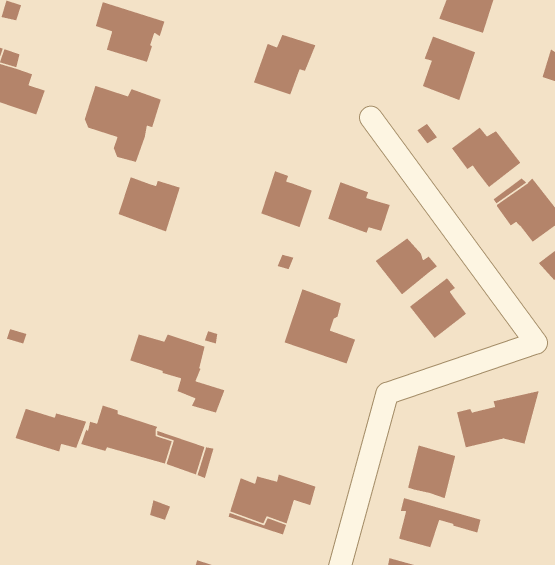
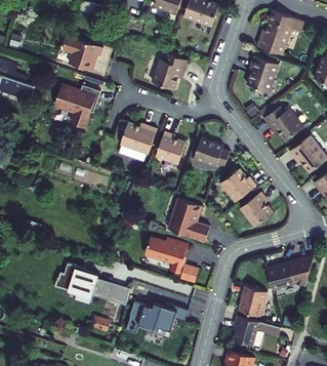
building: [117,176,181,233] -> [121,122,157,154]
building: [129,333,225,413] -> [145,238,199,283]
building: [15,408,87,452] -> none

